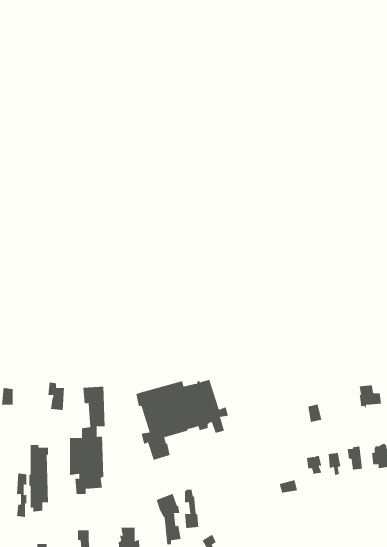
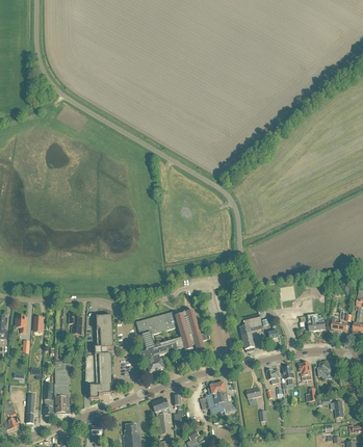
building: none -> [238,314,262,352]
building: none -> [206,382,228,415]

